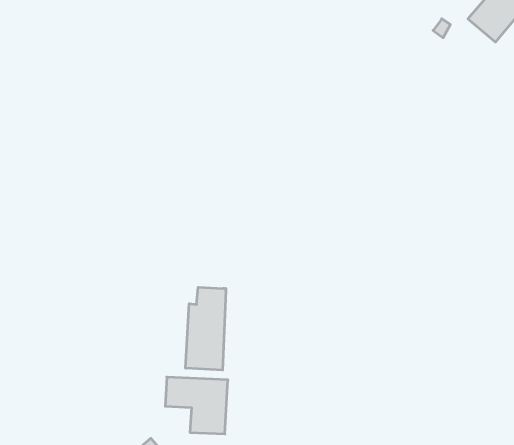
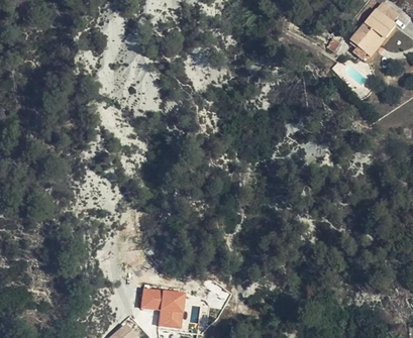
building: [186,287,226,370] -> none

